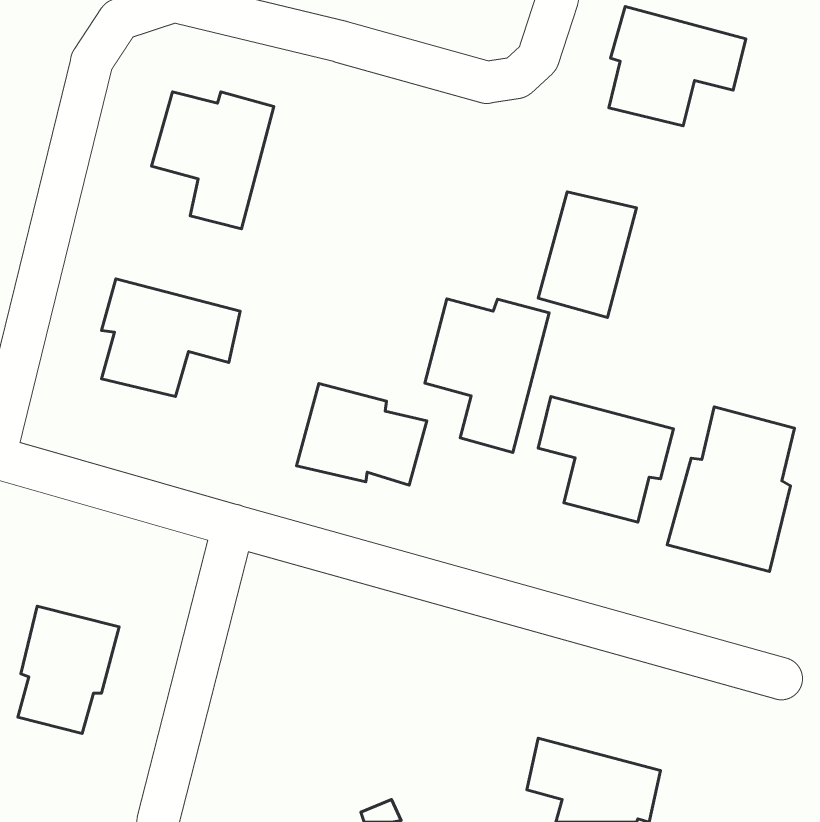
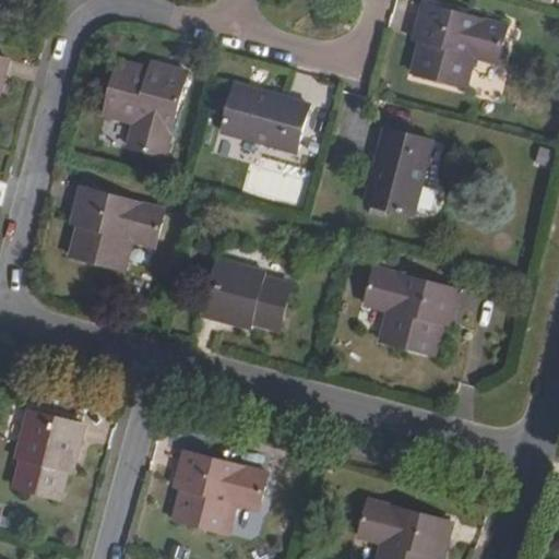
building: none -> [223,84,307,152]
building: [425,299,549,452] -> none
building: [667,407,794,572] -> none
building: none -> [173,452,265,533]

